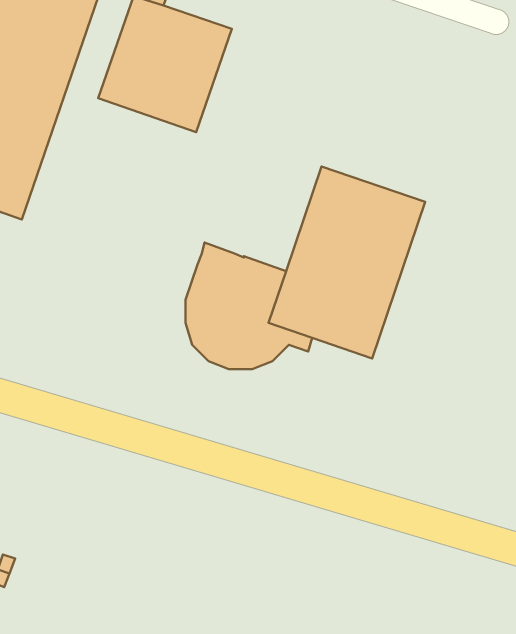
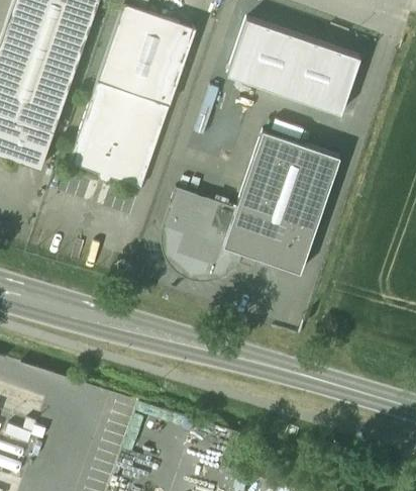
building: none -> [227,19,368,113]
building: none -> [69,81,170,190]

